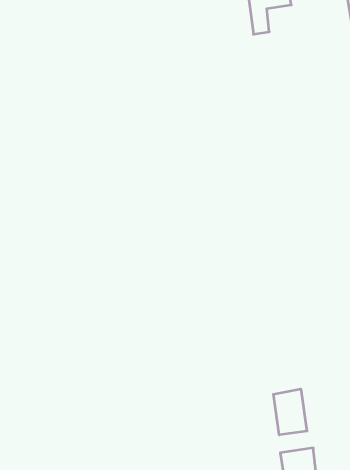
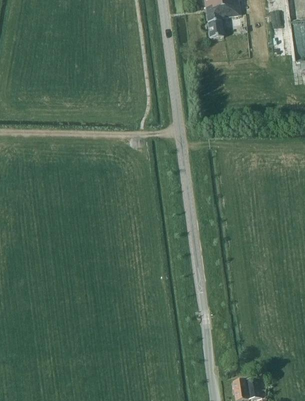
building: [273,389,307,435] -> none

